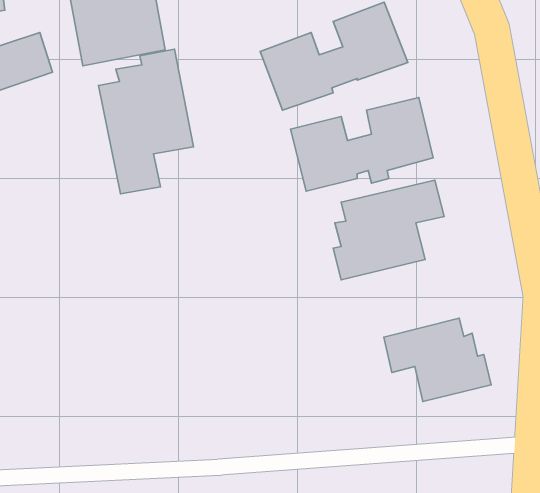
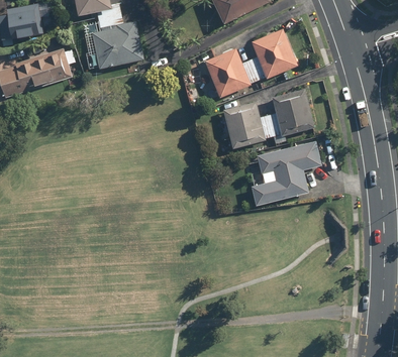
building: [99,49,193,194] -> none
building: [384,318,491,402] -> none

